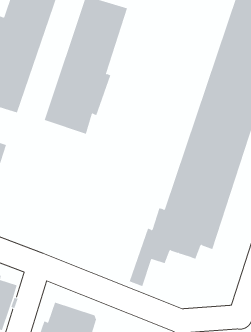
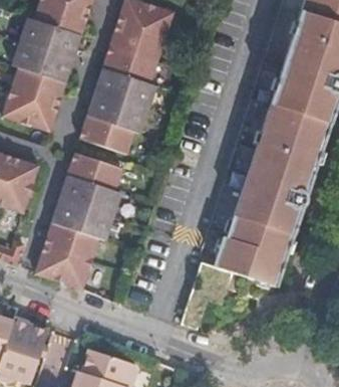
building: none -> [35,158,122,289]

